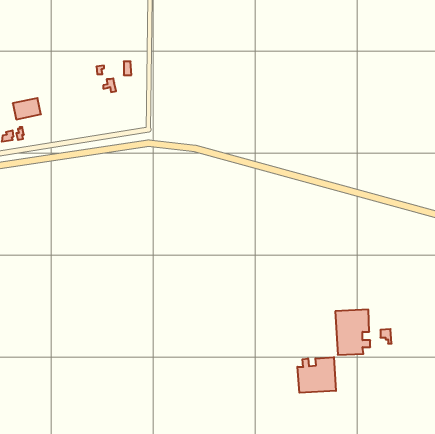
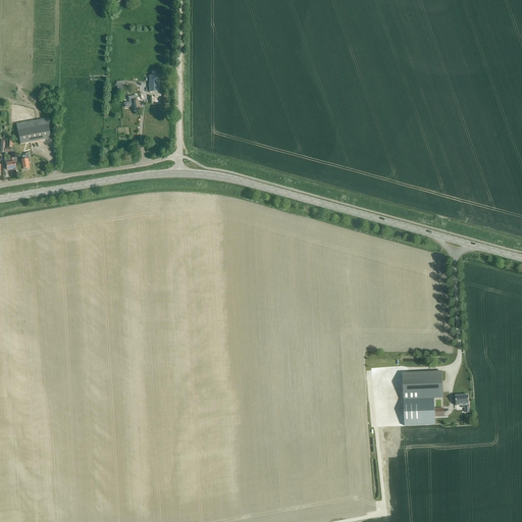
building: [297,357,336,393] -> none

